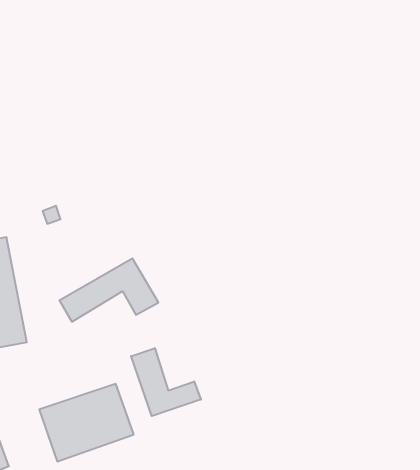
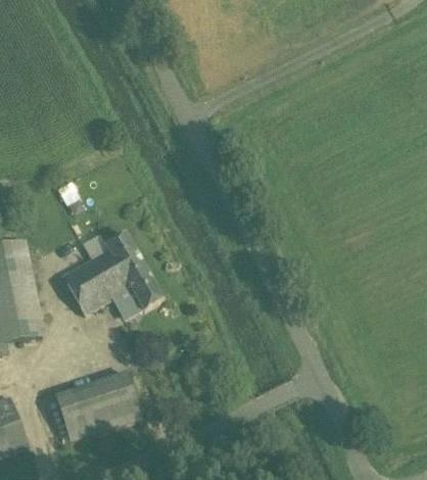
building: none -> [61,233,139,296]
building: [131,348,201,416] -> none

